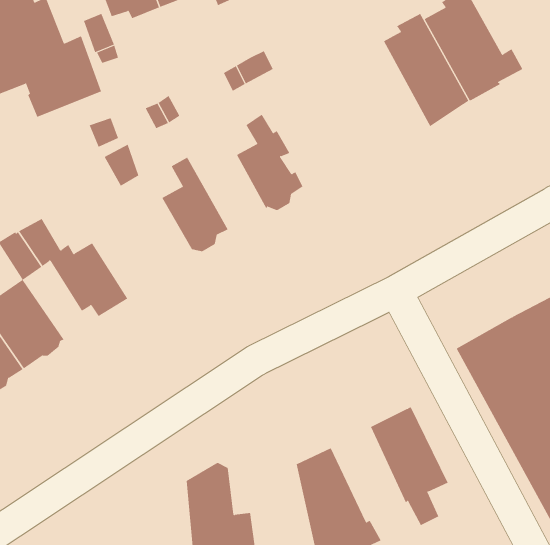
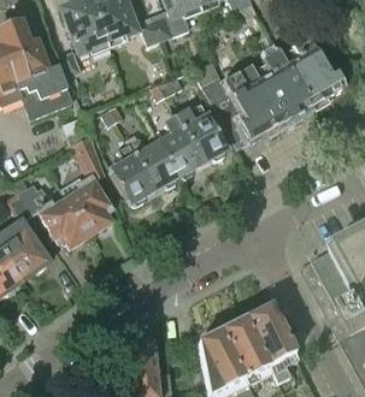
building: none -> [201,65,284,148]
building: none -> [176,102,228,162]
building: none -> [128,136,178,190]
building: none -> [60,176,111,235]
building: none -> [220,318,269,379]

